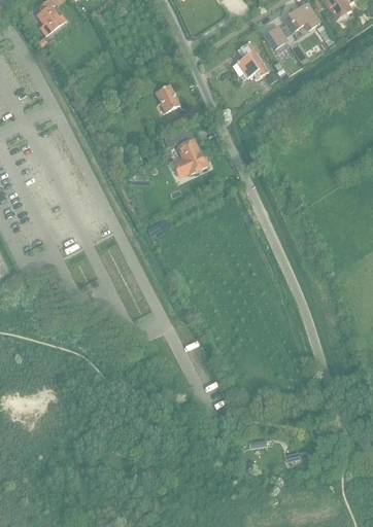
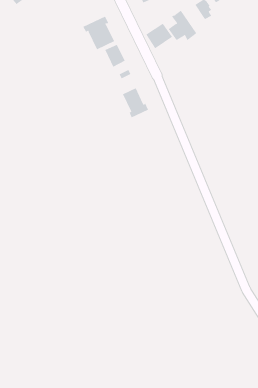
building: none -> [82,16,115,50]
building: none -> [146,23,173,49]

